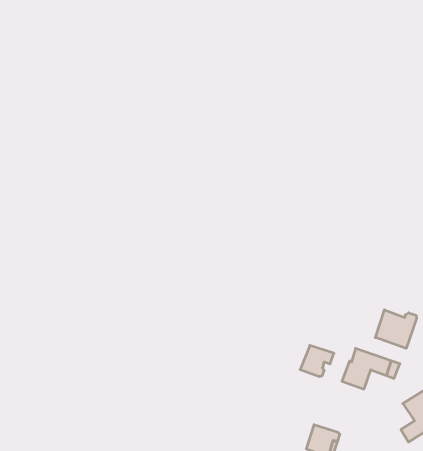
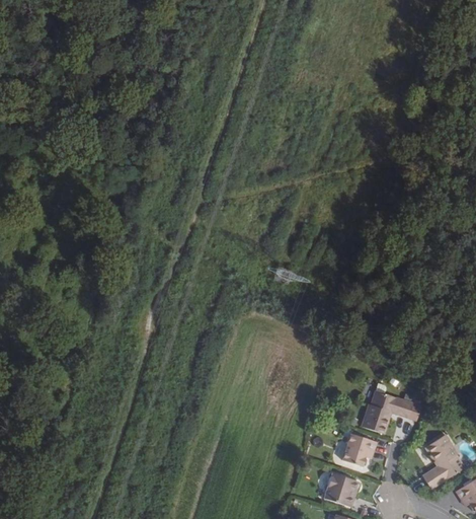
building: [375,310,417,348] -> none
building: [300,345,334,376] -> [336,432,372,464]

